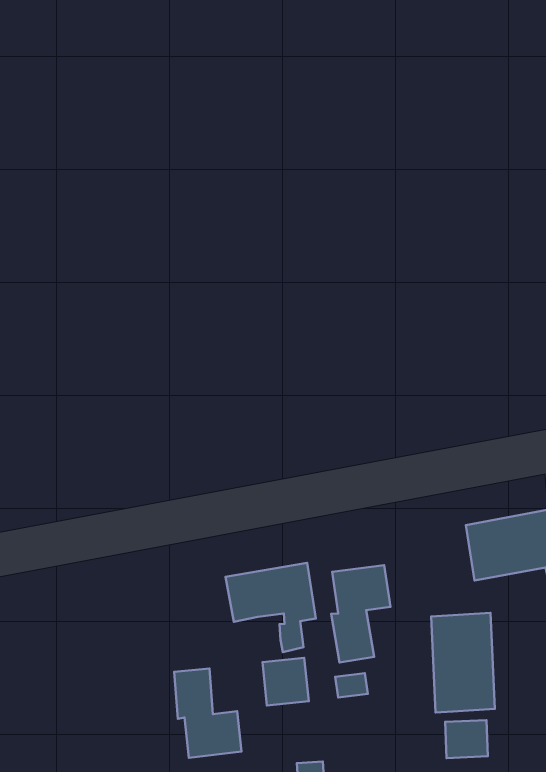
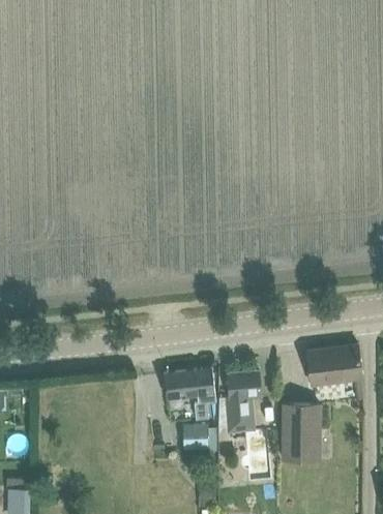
building: [174,669,241,758] -> none
building: [445,720,488,758] -> none

